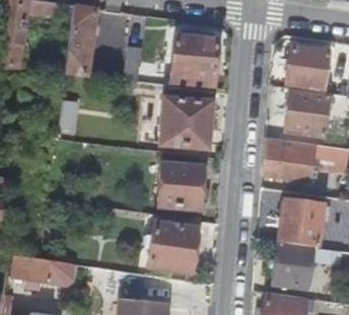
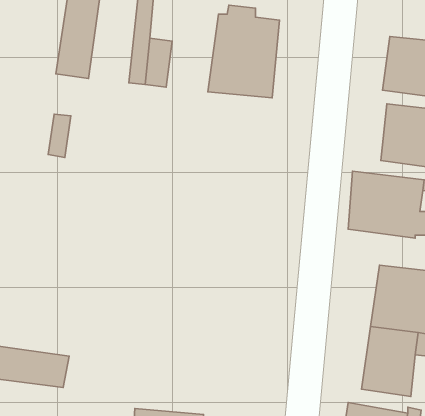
building: [159,96,210,147] -> none
building: [158,161,204,209] -> none
building: [146,223,197,272] -> none

